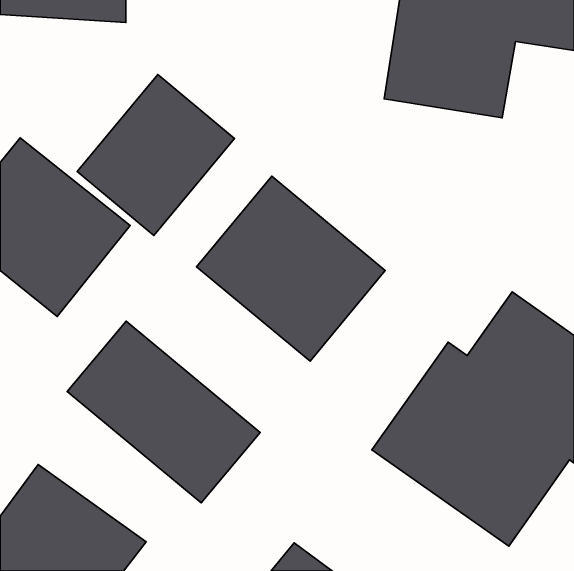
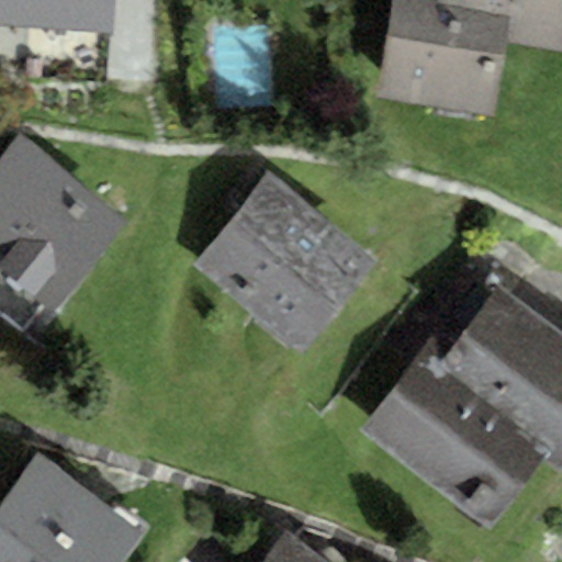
building: [77,75,235,236] -> none
building: [67,321,260,503] -> none

